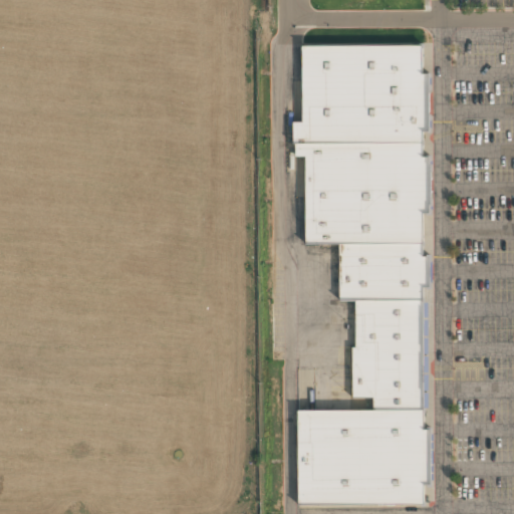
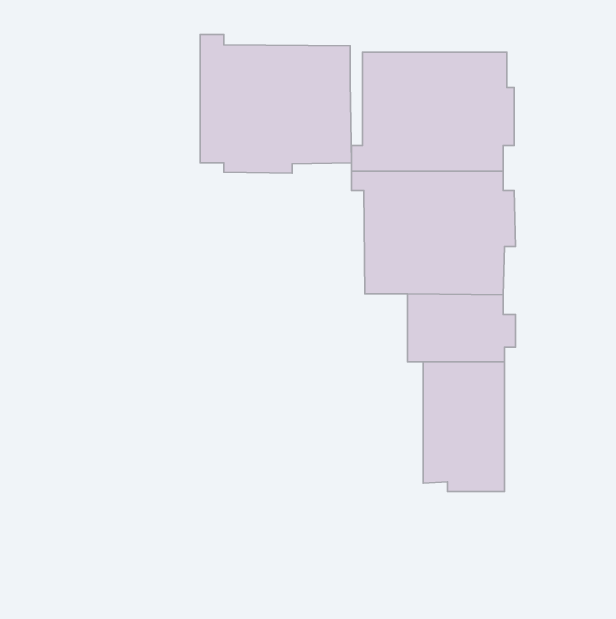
building: none -> [200,35,352,173]
building: [299,408,431,507] -> none

